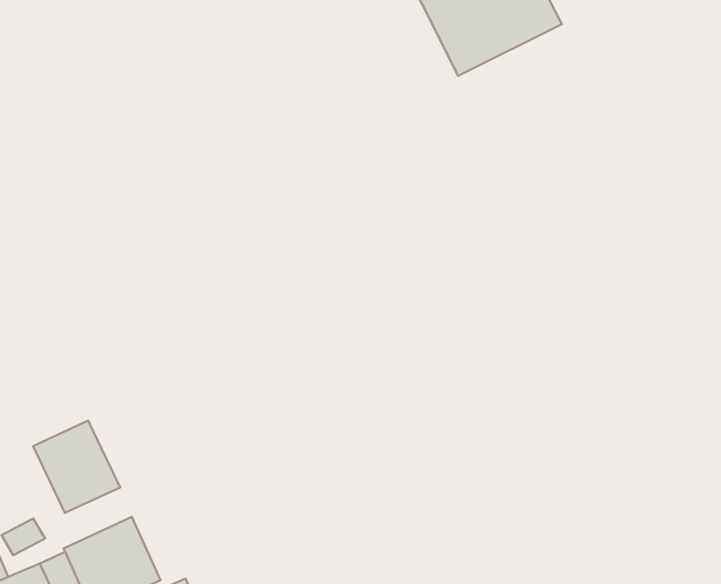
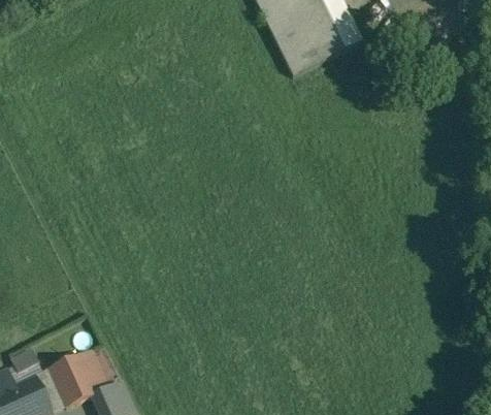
building: [33,421,120,513] -> none

